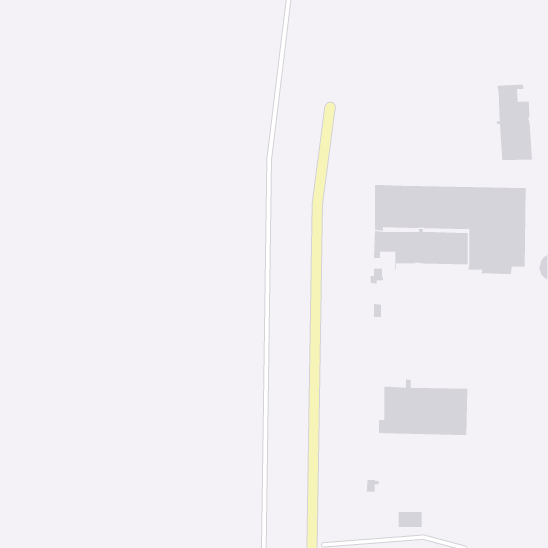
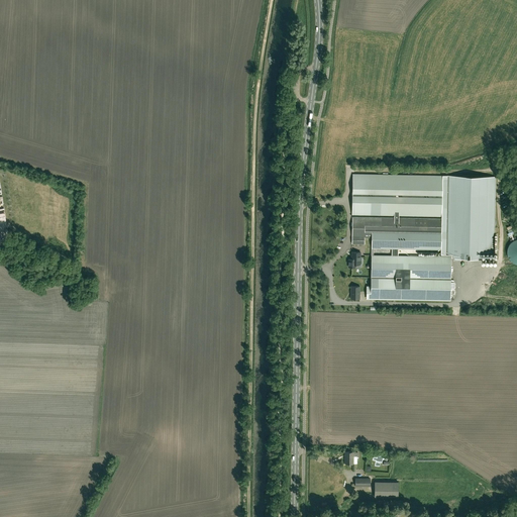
building: [496,84,536,161] -> none
building: [378,379,468,436] -> [367,247,451,301]

